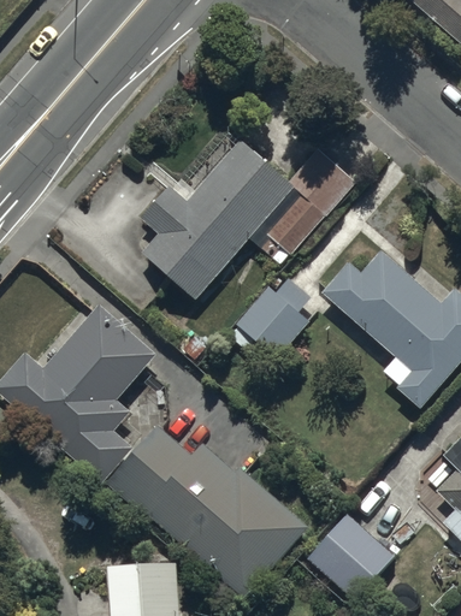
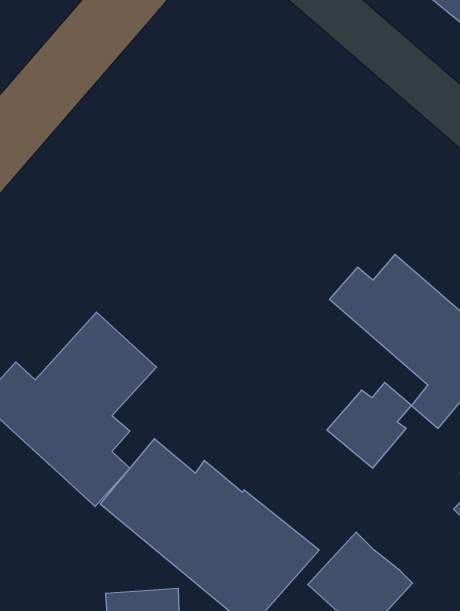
building: [140,137,354,298] -> none
building: [234,276,313,356] -> [327,382,411,468]

